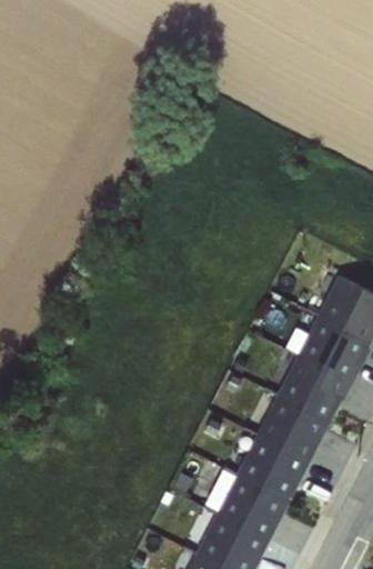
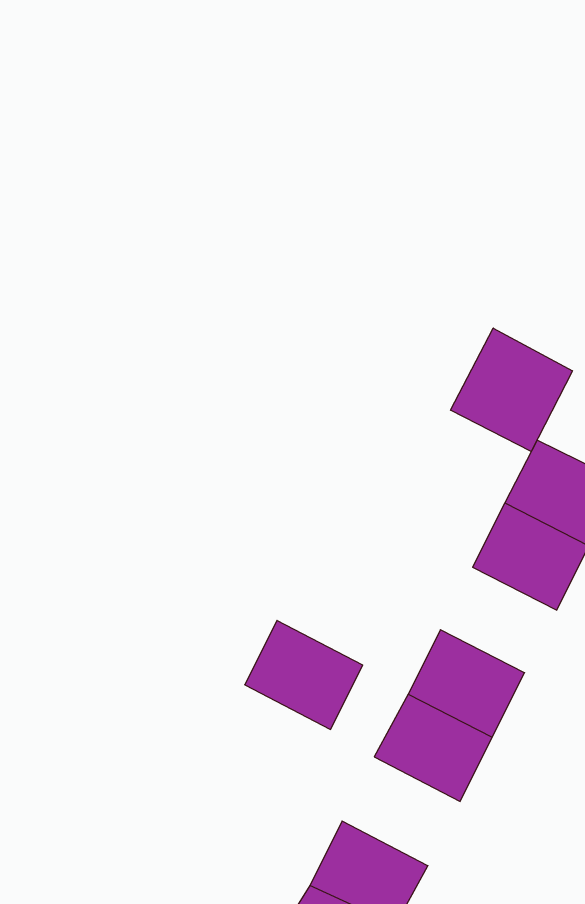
building: none -> [451,328,572,451]
building: [276,357,349,422] -> none
building: [215,475,289,542] -> [245,620,363,729]

